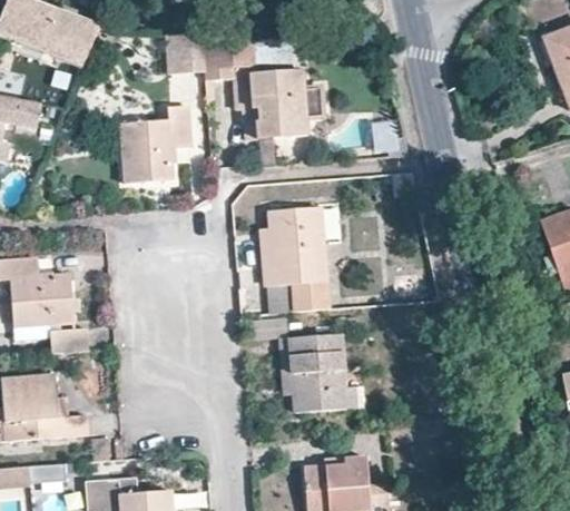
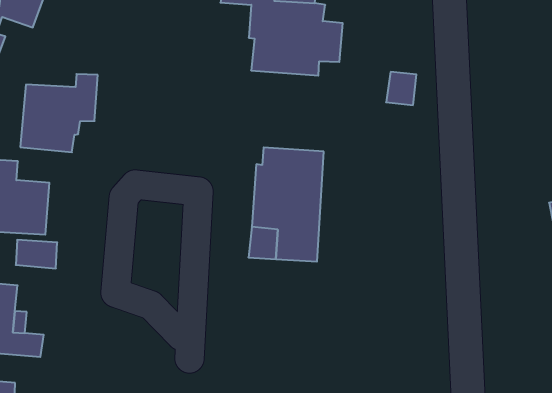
building: [121,104,190,181] -> [20,74,98,152]
building: [277,333,362,412] -> none

